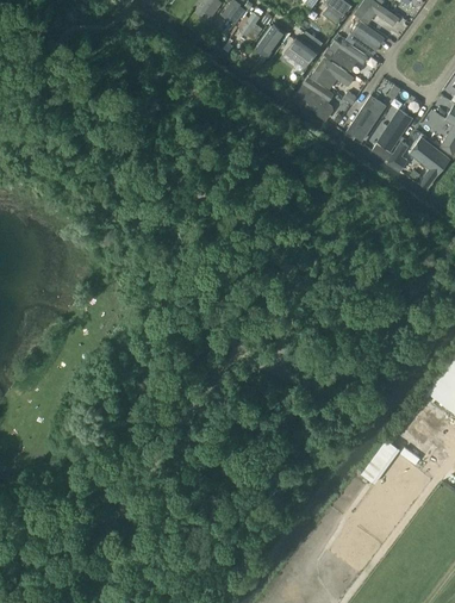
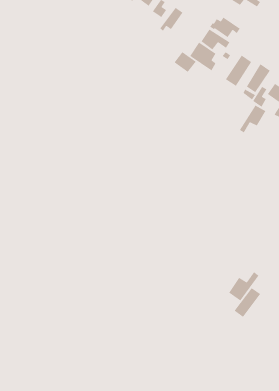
building: [345,20,386,55] -> none
building: [283,37,318,69] -> [173,51,197,73]
building: none -> [239,104,266,134]
building: none -> [228,271,260,301]

